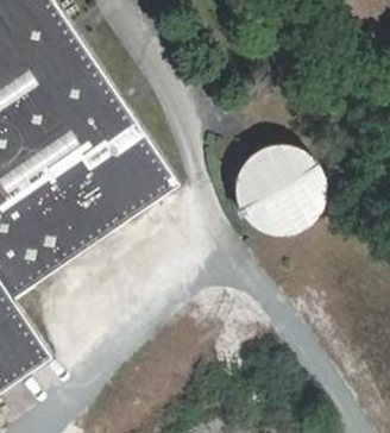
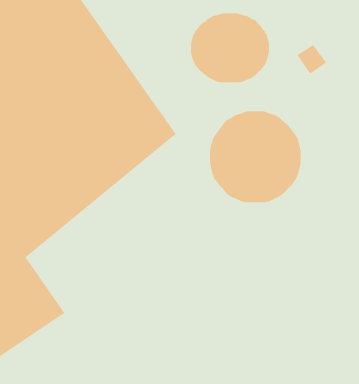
building: none -> [191,12,269,83]

